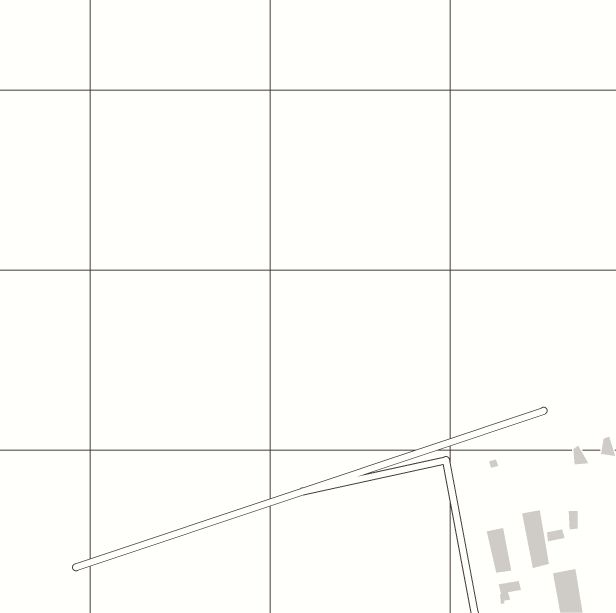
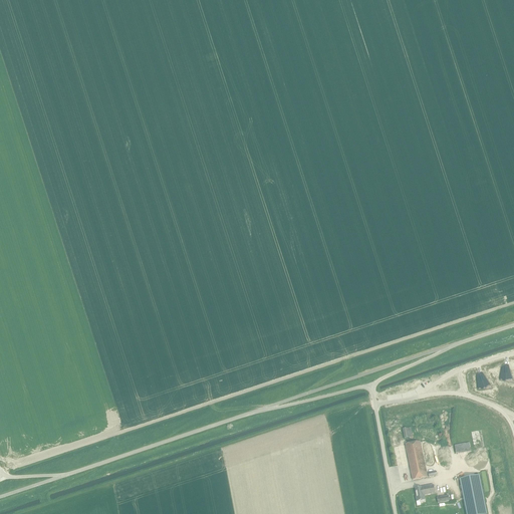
building: [522,509,549,569] -> none

